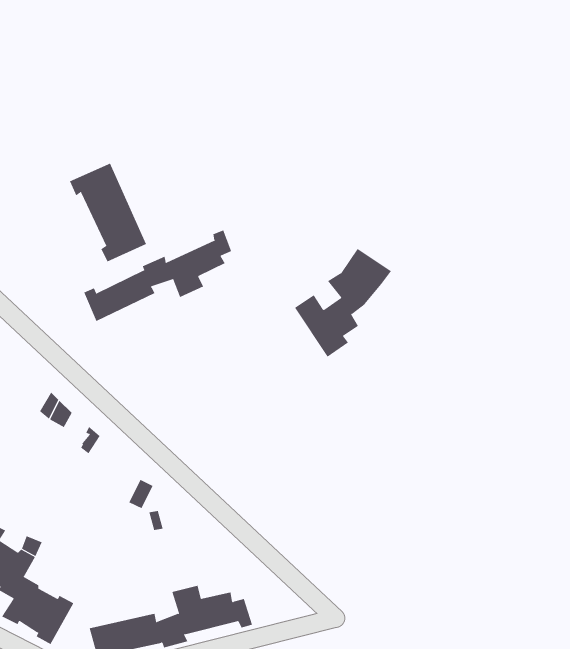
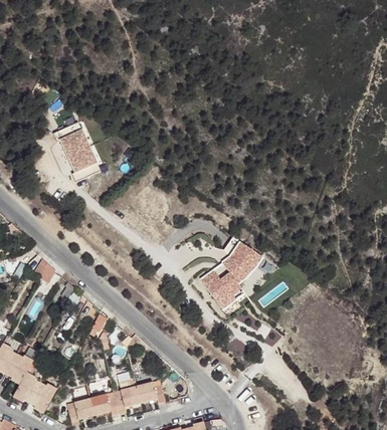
building: [83,229,232,322] -> none
building: [294,248,392,357] -> [203,237,262,303]

